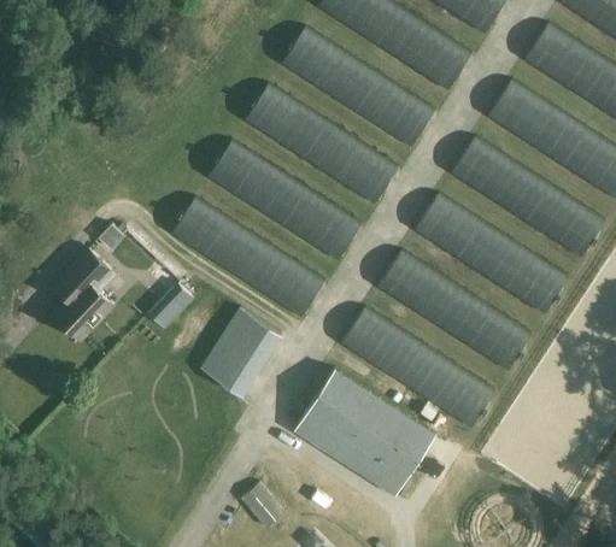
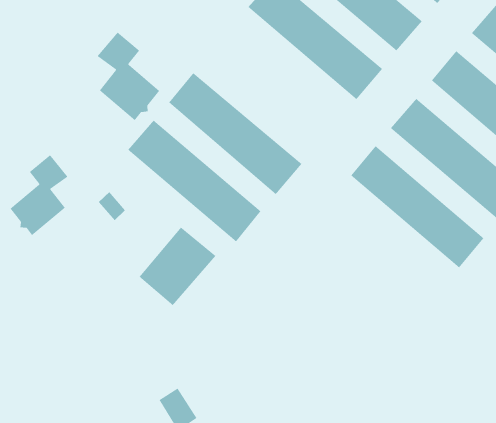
building: [245,83,398,204] -> none
building: none -> [97,31,160,121]
building: [379,249,532,370] -> none
building: [341,306,495,427] -> none
building: [295,367,435,494] -> none

